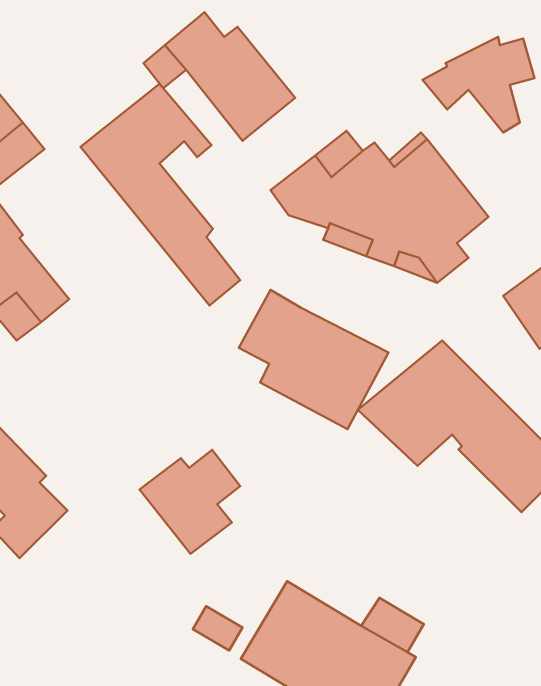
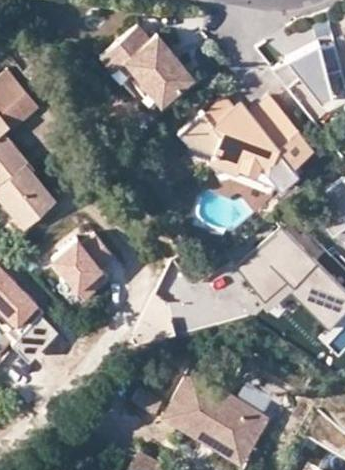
building: [81,84,240,305] -> none
building: [239,290,388,429] -> none
building: [139,450,240,554] -> [49,234,110,297]

